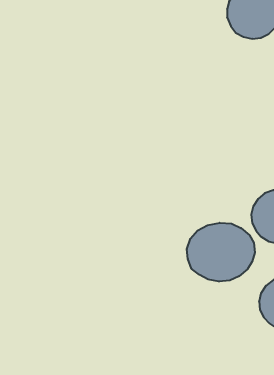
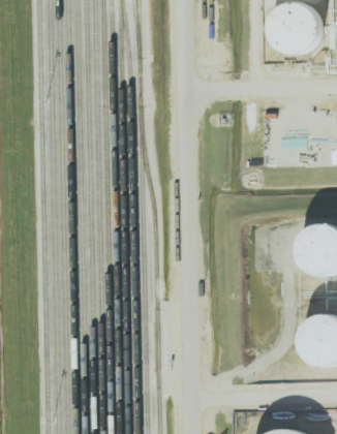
building: [187,223,255,282] -> none

